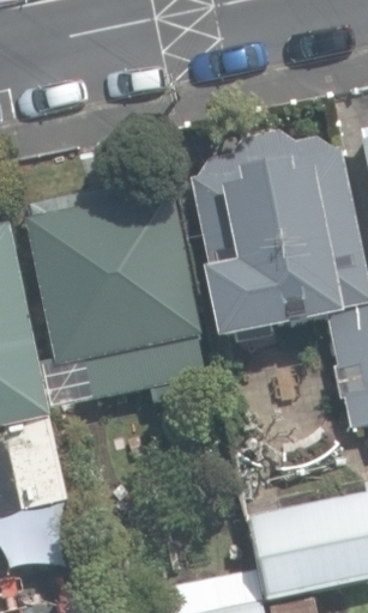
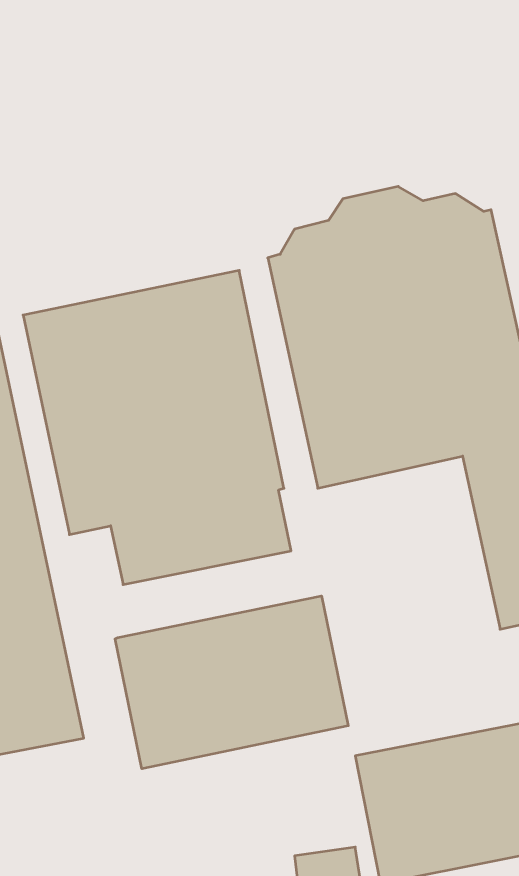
building: none -> [115,596,348,769]

